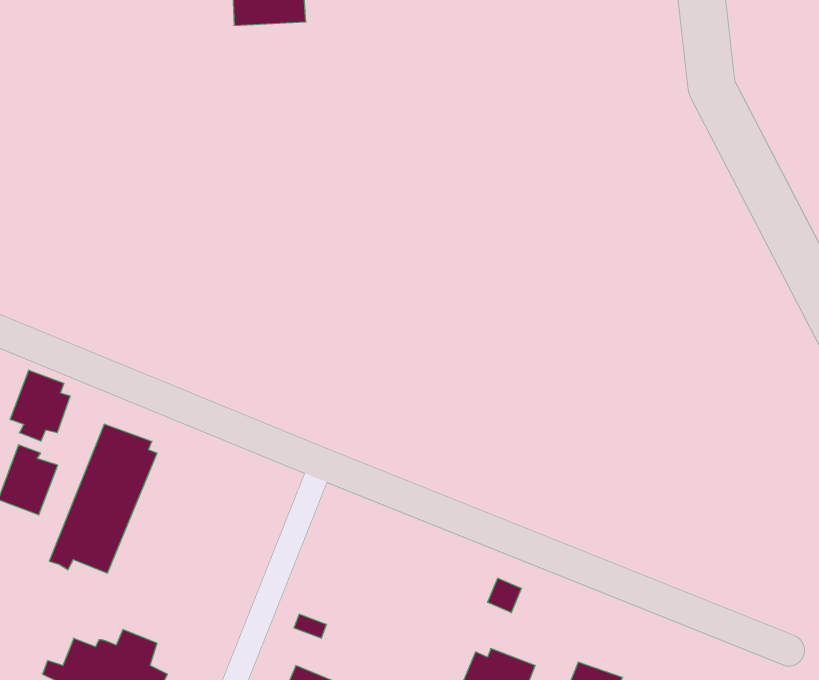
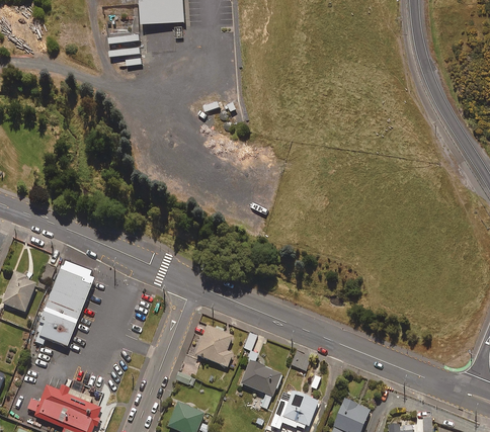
building: [10,370,70,441] -> none
building: none -> [196,328,233,368]
building: none -> [243,360,283,406]

